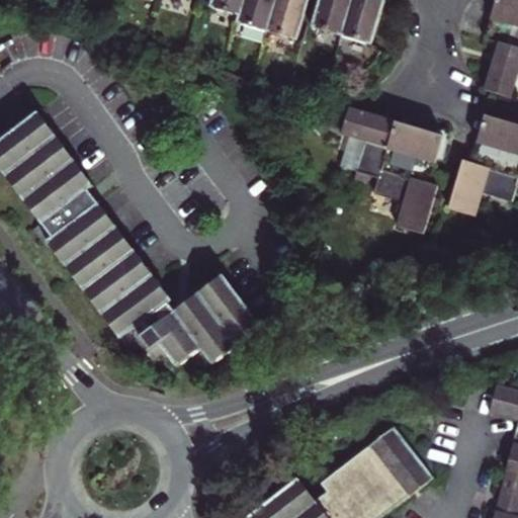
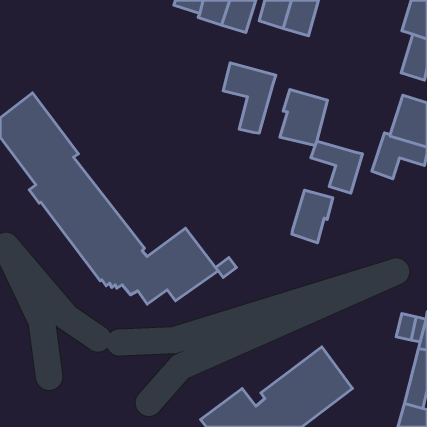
building: none -> [223,63,276,133]
building: [383,121,445,184] -> none
building: none -> [292,190,333,243]

